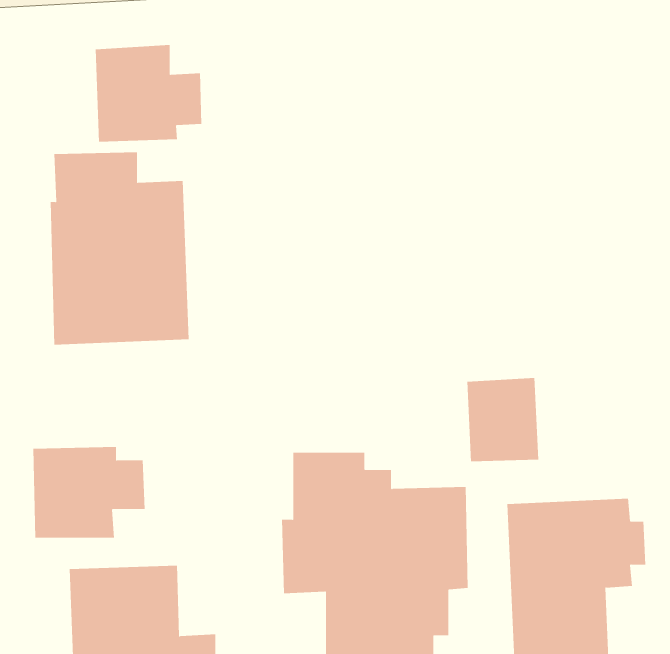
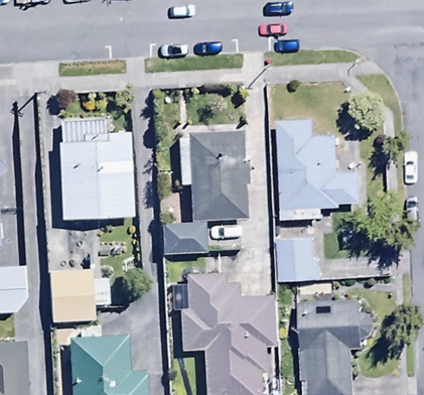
building: [95,44,202,143] -> none
building: none -> [278,117,366,220]
building: none -> [163,131,250,255]

